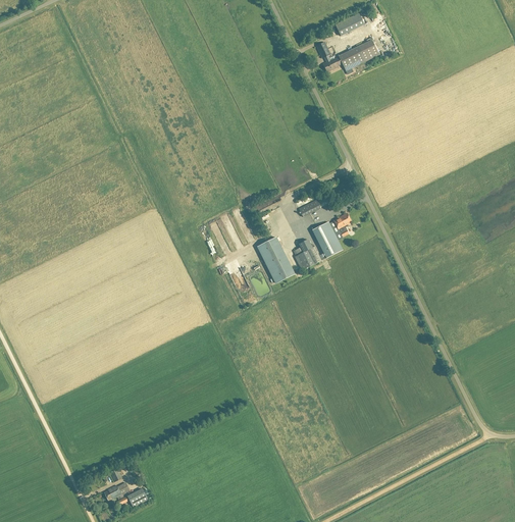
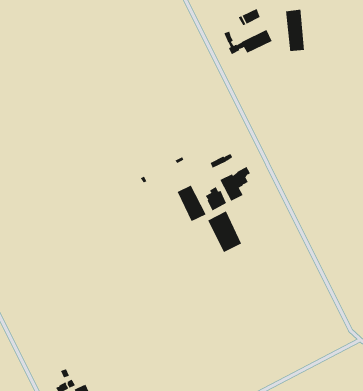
building: none -> [286,9,304,52]
building: none -> [207,211,242,253]

